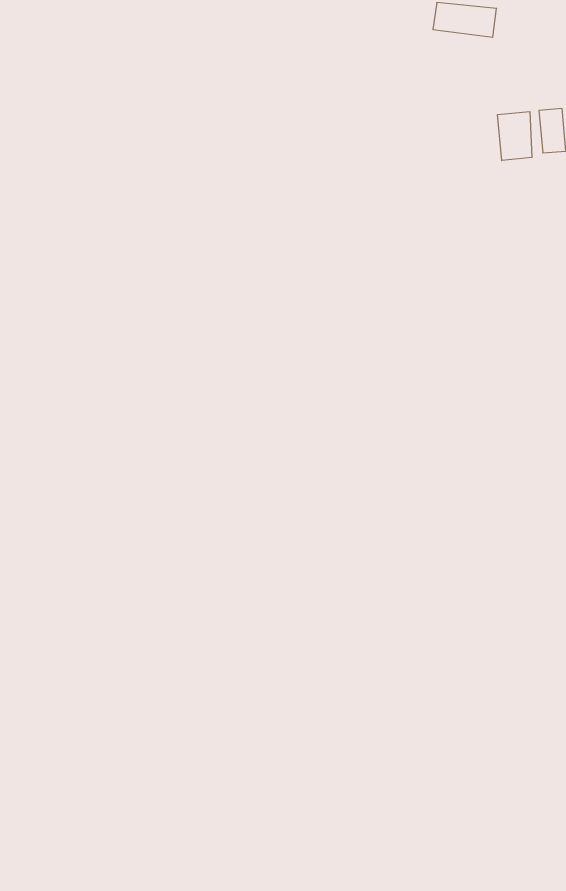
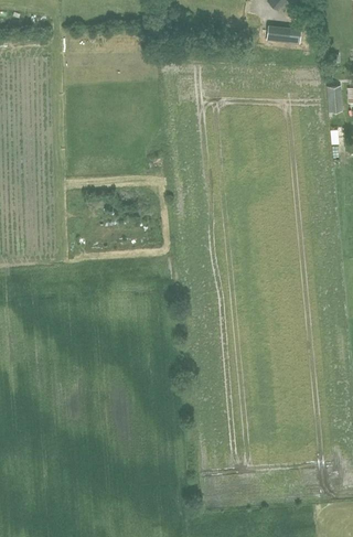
building: [498,112,532,161] -> none

